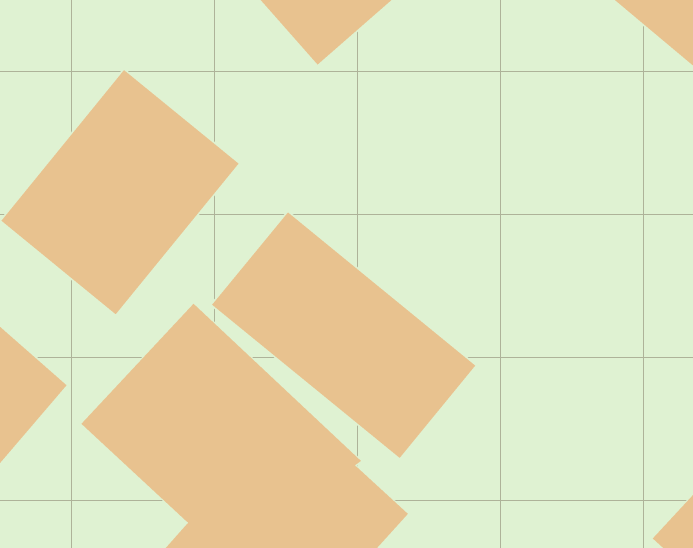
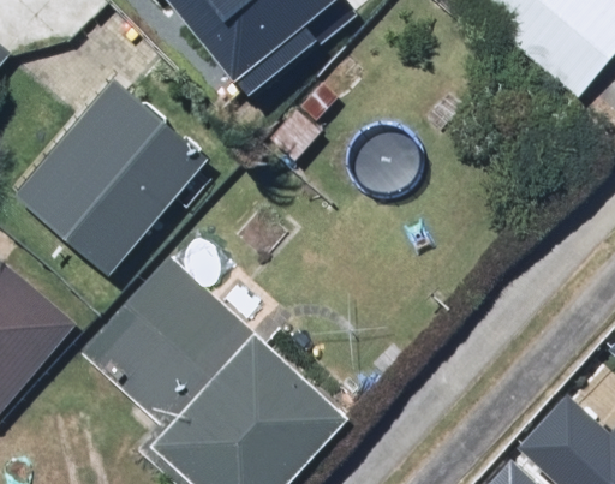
building: [211,211,477,459] -> none

